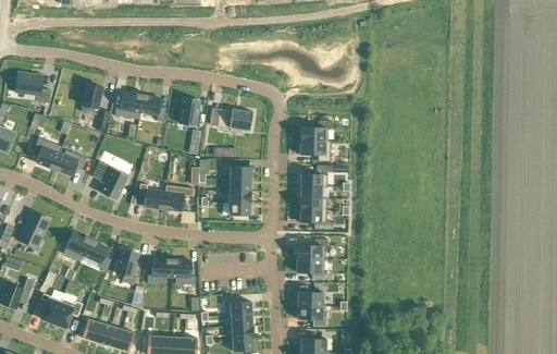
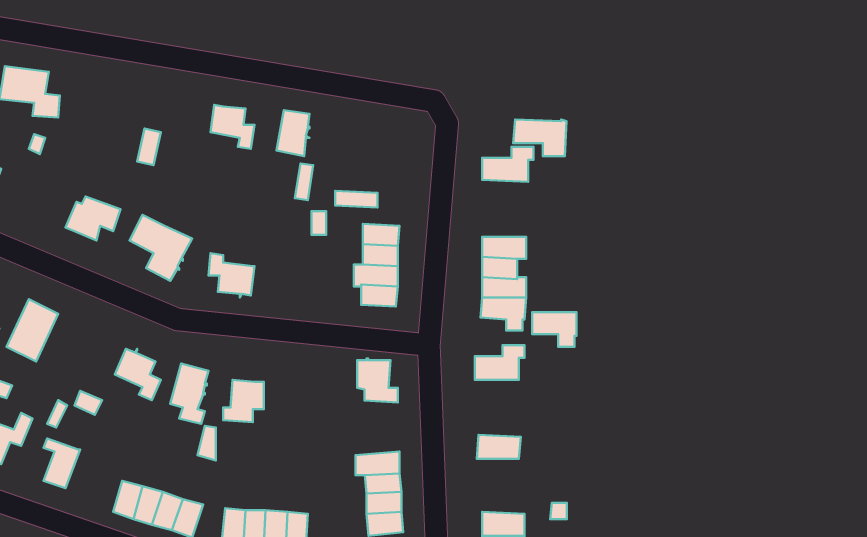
building: [81,83,102,114] -> none
building: [114,91,141,119] -> none
building: [210,108,252,130] -> none
building: [34,137,60,168] -> none
building: [299,139,331,161] -> [513,119,567,156]
building: [163,184,194,210] -> none
building: [63,231,89,260] -> none
building: [171,258,195,284] -> [357,358,398,402]
building: [296,258,322,279] -> [532,312,576,347]
building: [53,297,82,328] -> none
building: [297,305,325,326] -> none

